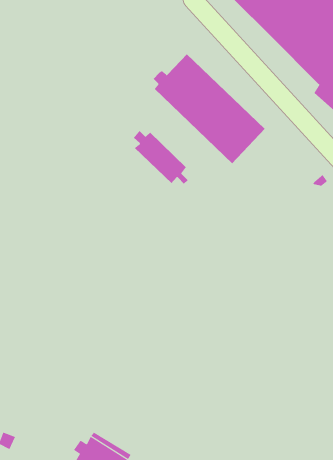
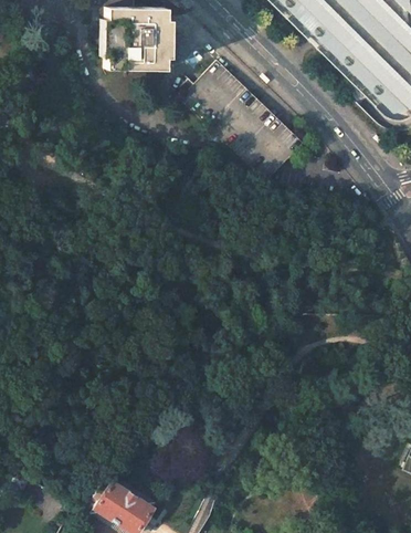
building: none -> [101,7,169,70]
building: [133,130,188,184] -> none

